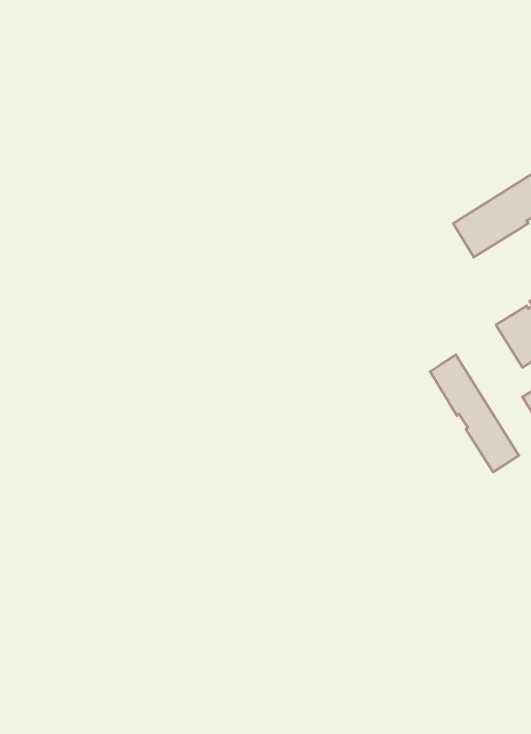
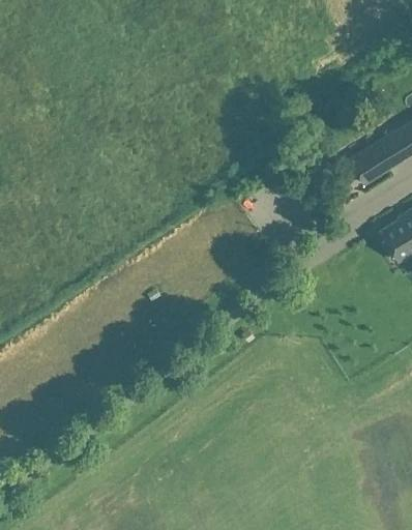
building: [430,355,519,472] -> none

